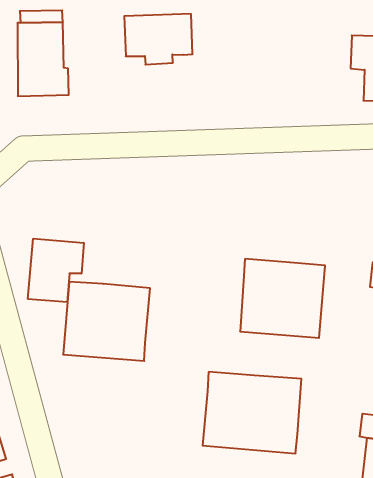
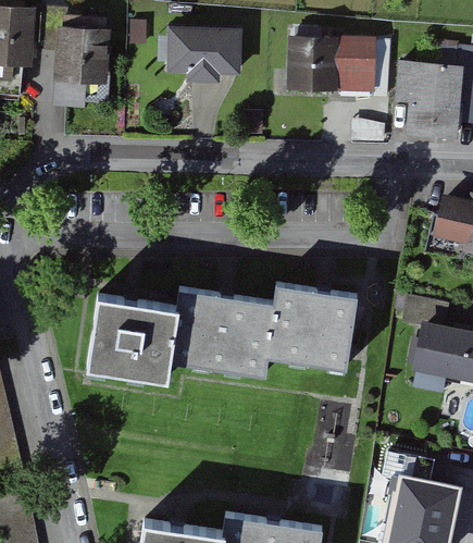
building: none -> [289,39,388,96]
building: [28,239,84,302] -> none
building: [203,372,301,453] -> [170,288,275,378]

